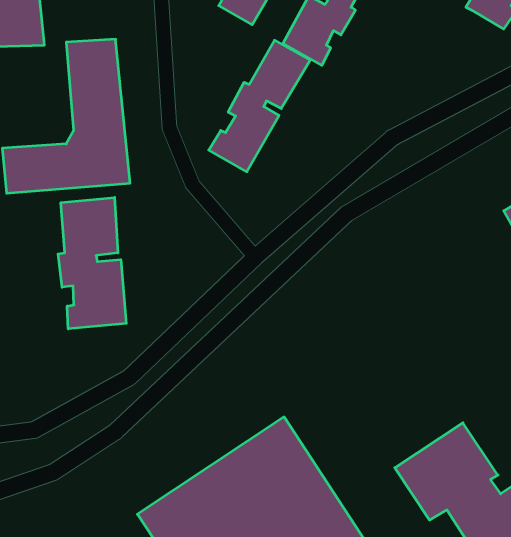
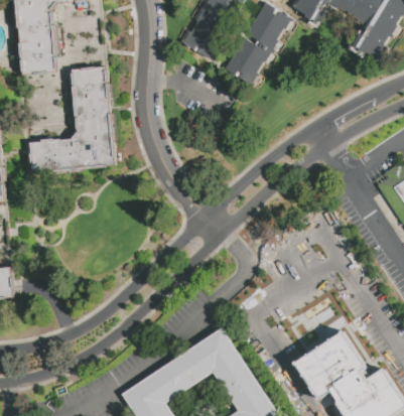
building: [209,40,310,172] -> none
building: [58,197,126,329] -> none

